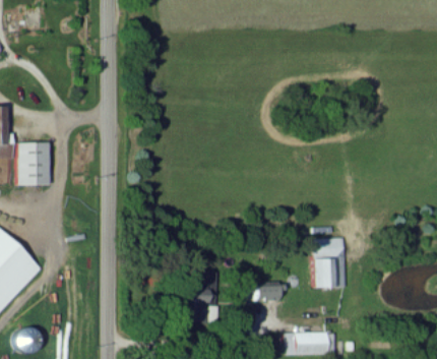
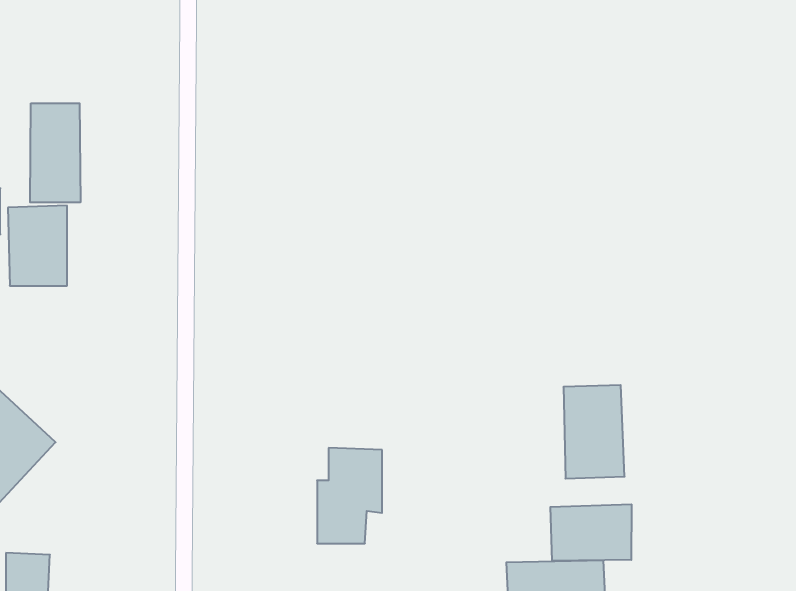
building: none -> [30,103,80,202]
building: [254,282,280,301] -> none
building: none -> [550,504,631,561]

